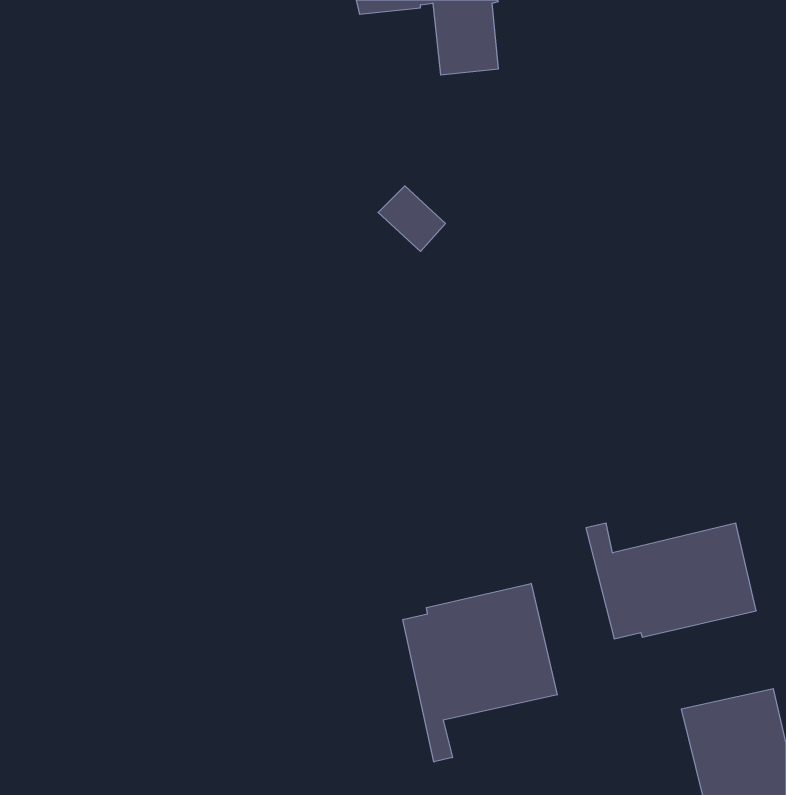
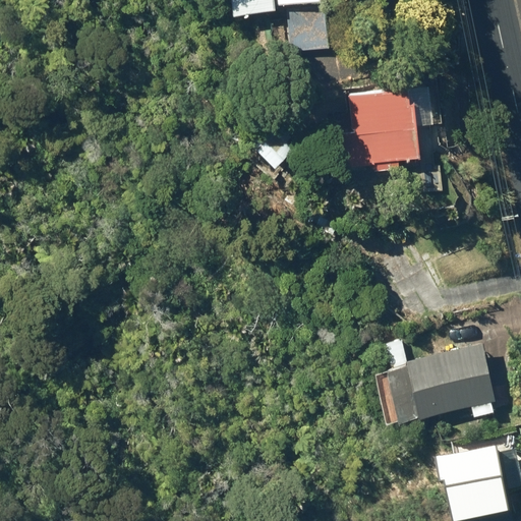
building: none -> [345,91,418,170]
building: [403,583,557,762] -> none

